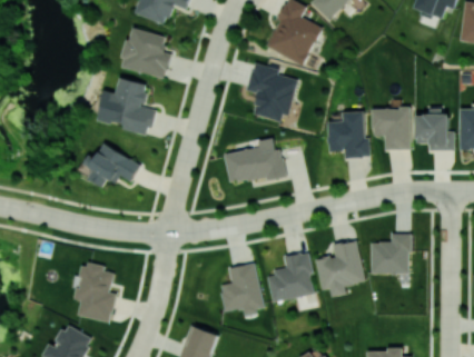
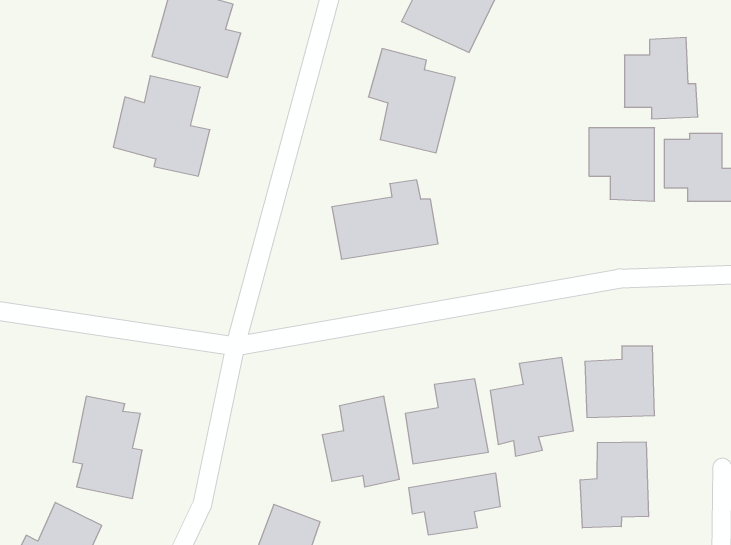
building: [327,111,369,158] -> [624,38,698,119]
building: [85,143,140,187] -> none
building: none -> [580,442,648,528]
building: none -> [409,473,500,535]

